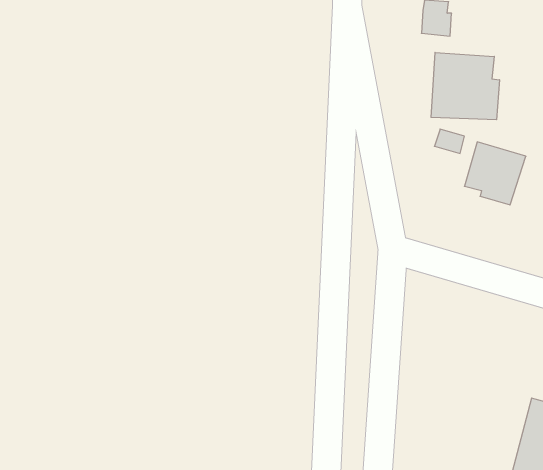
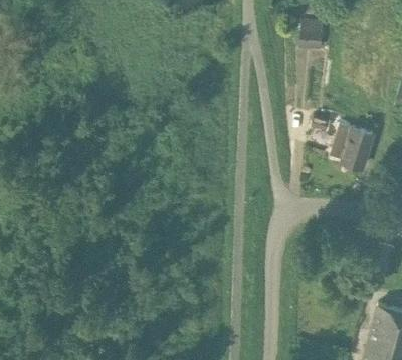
building: [431,52,499,120] -> none

